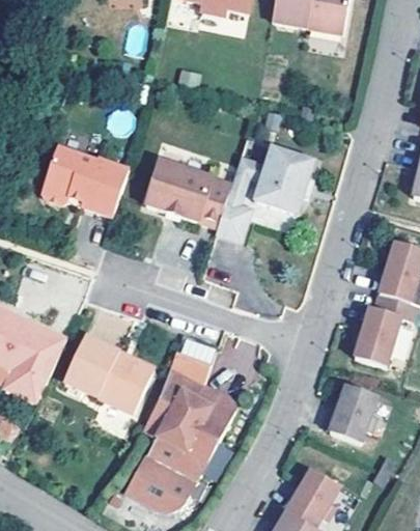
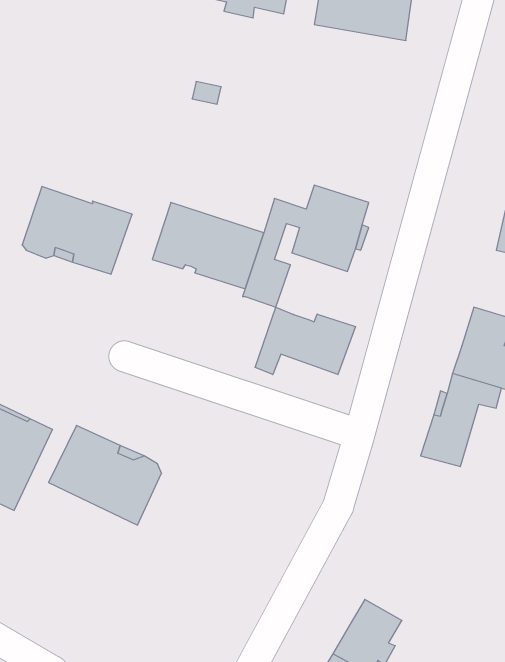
building: none -> [255,307,356,375]
building: [123,365,236,510] -> none
building: [331,384,379,441] -> none

